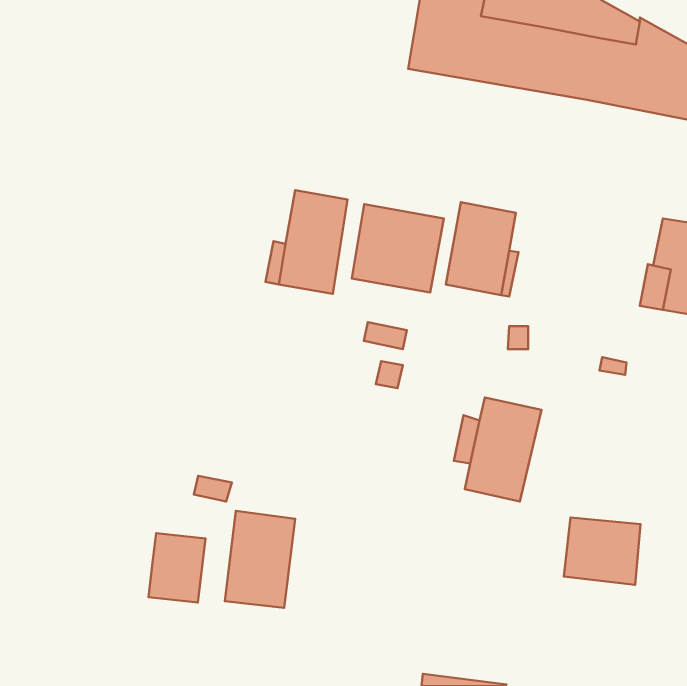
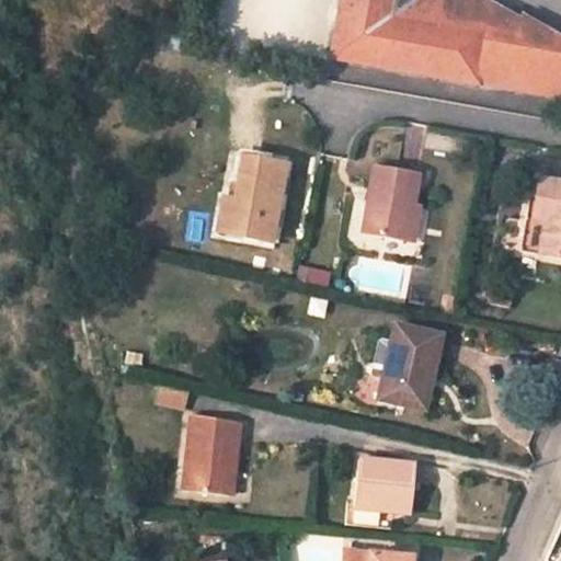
building: [352,204,444,292] -> none
building: [564,517,641,585] -> [354,457,416,512]
building: [149,533,205,602] -> none

